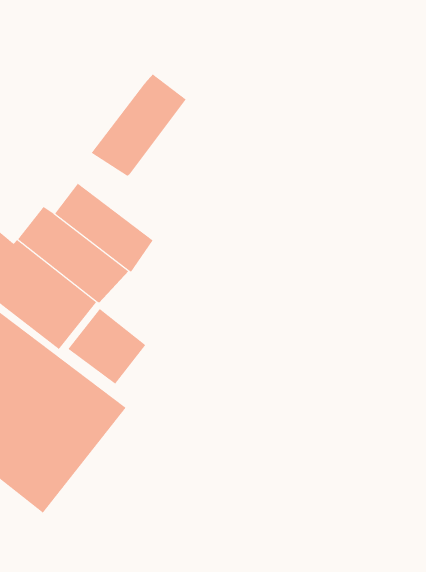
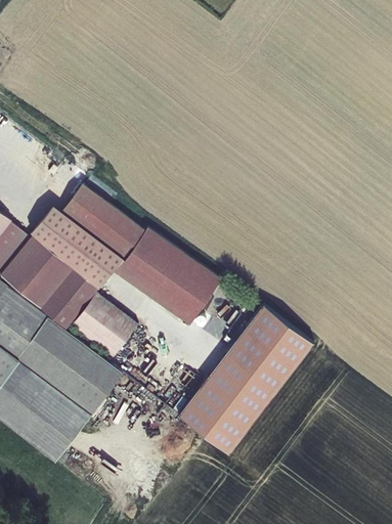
building: [91,74,187,177] -> none
building: none -> [117,229,219,322]
building: none -> [178,308,311,458]

